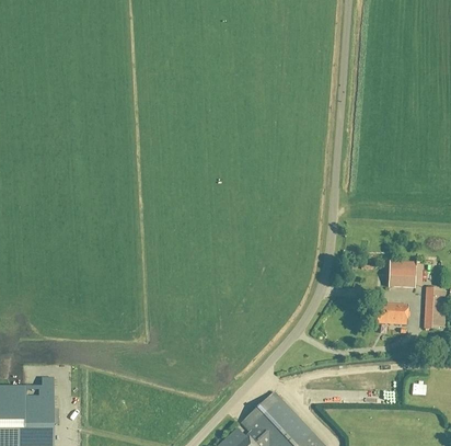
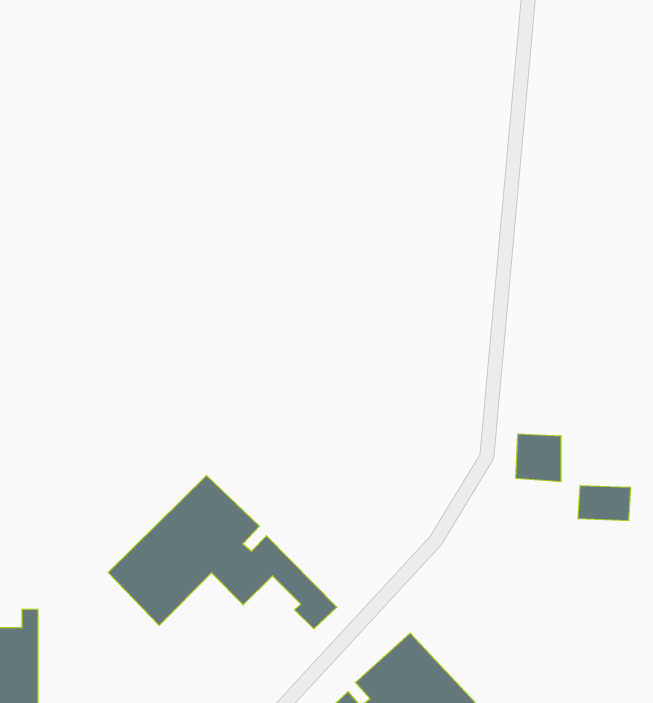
building: [388,260,415,288] -> [516,434,561,482]
building: none -> [108,475,337,629]

